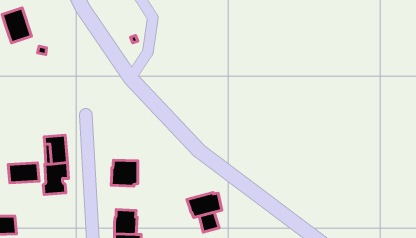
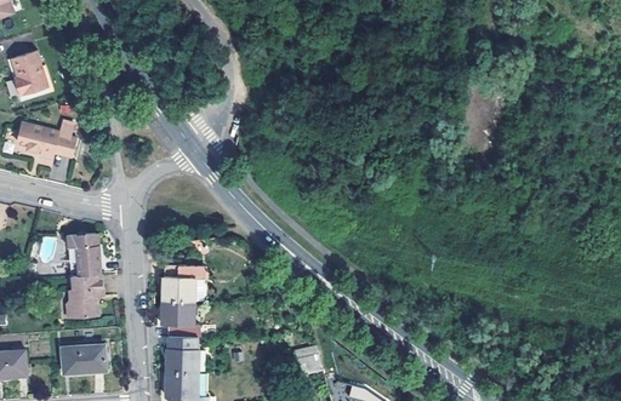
building: none -> [16,122,75,159]
building: [8,163,39,183] -> [61,345,106,374]
building: none -> [164,307,199,343]
building: [187,192,222,217] -> none

